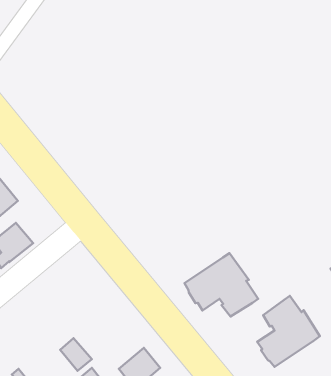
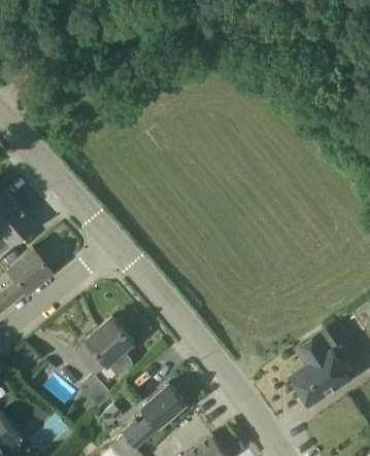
building: [185,253,258,316] -> none
building: none -> [88,318,134,377]

